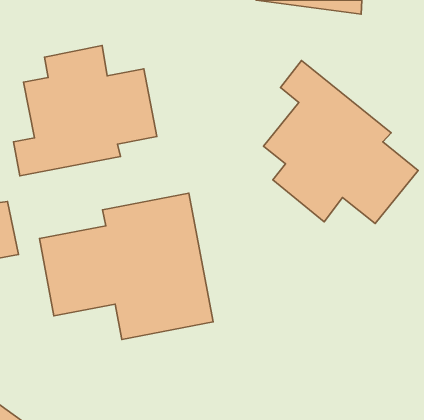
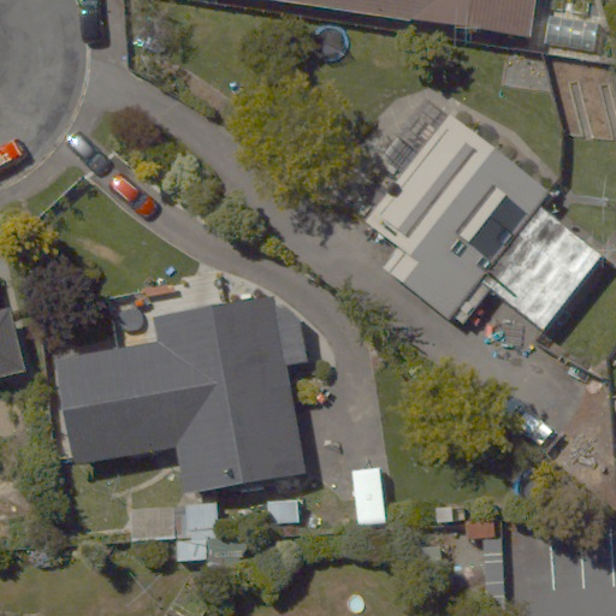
building: [14,45,157,176] -> none

